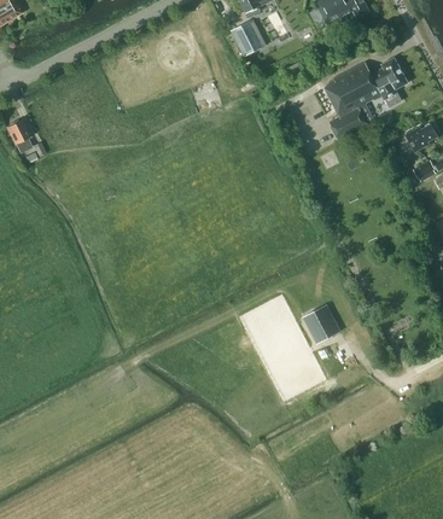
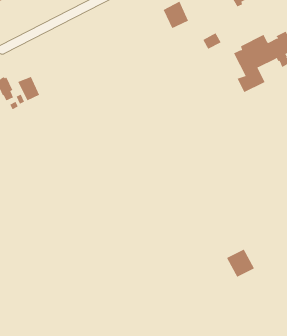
building: none -> [17,76,40,101]
building: [303,304,342,343] -> [226,249,255,278]

